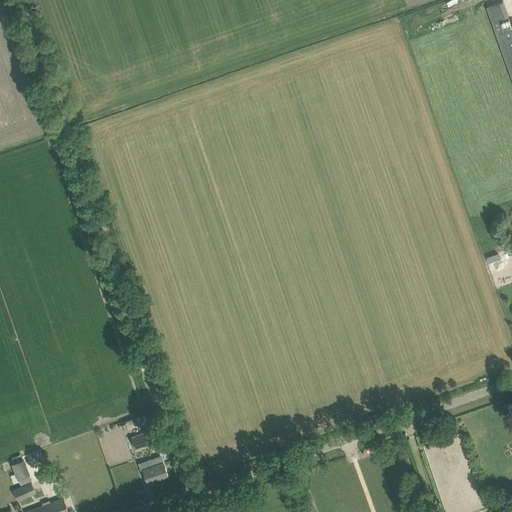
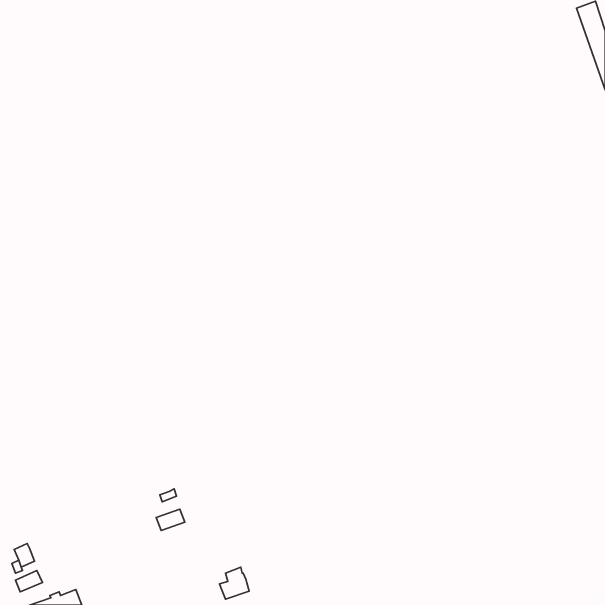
building: [143,455,168,482] -> [220,567,249,599]

